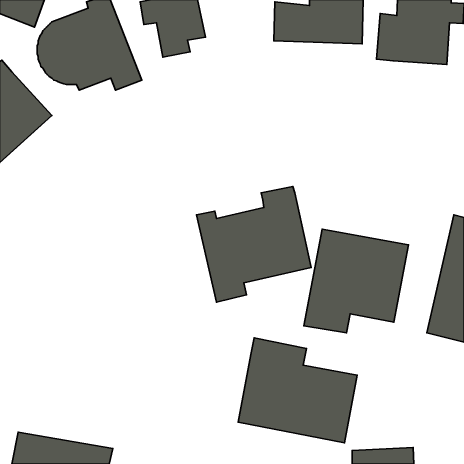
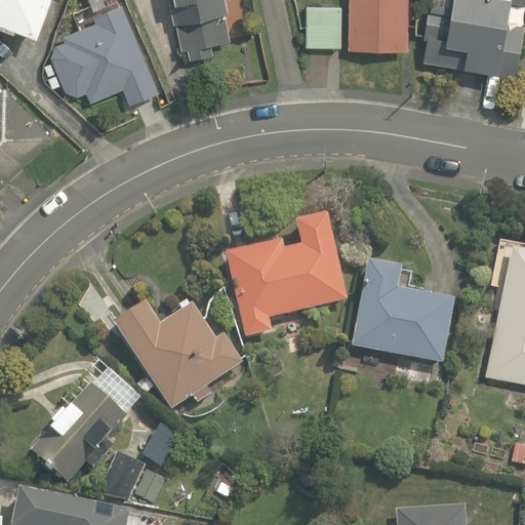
building: none -> [113,296,246,412]
building: [238,338,357,443] -> none
building: none -> [25,382,128,483]
building: none -> [100,447,163,503]

